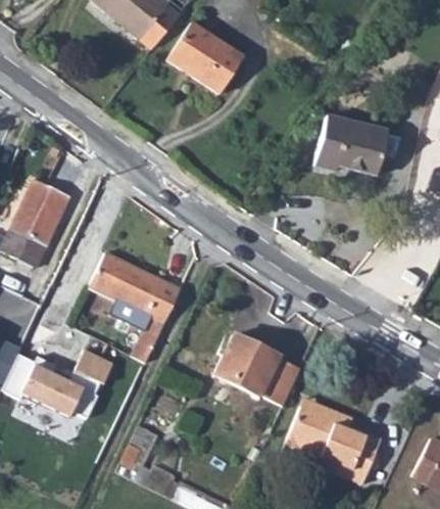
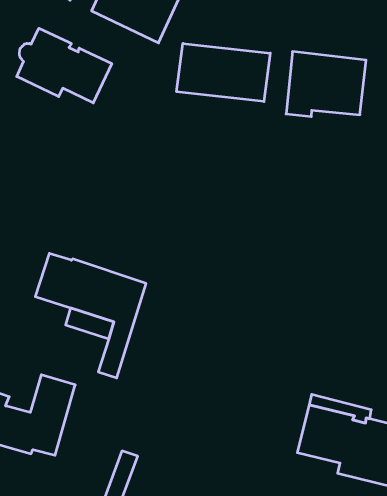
building: none -> [17,28,112,103]
building: none -> [177,43,270,102]
building: [214,332,301,406] -> none

